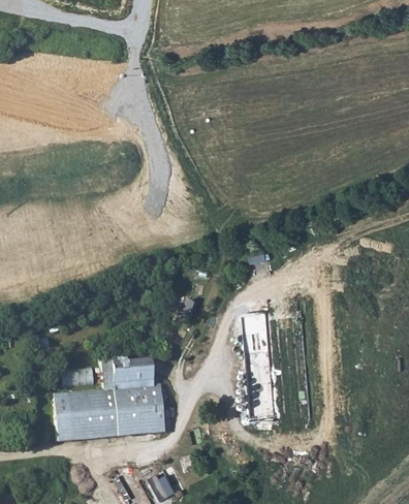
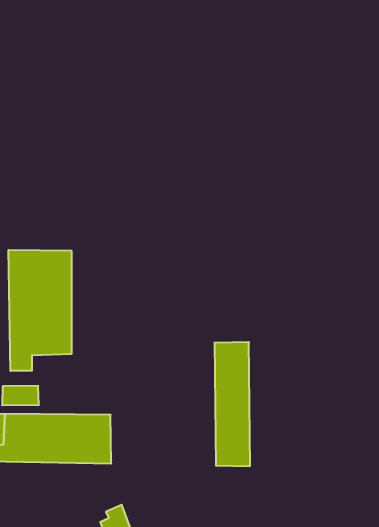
building: none -> [9,250,71,371]
building: [108,358,149,388] -> none

